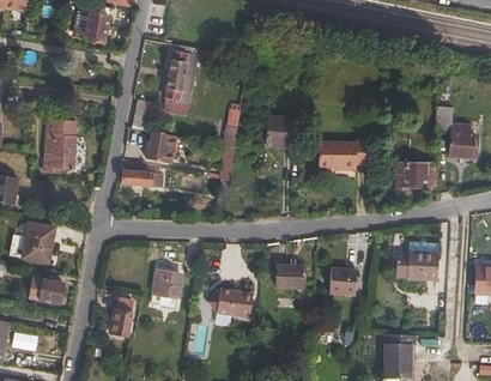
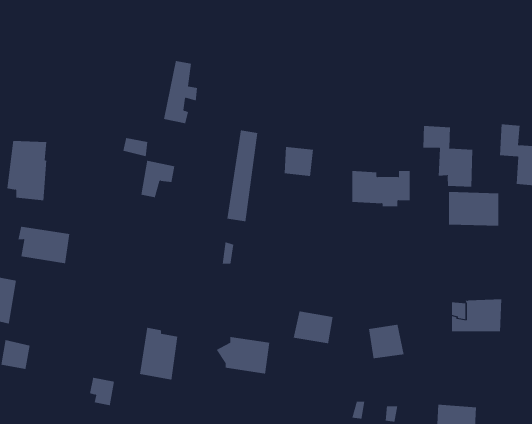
building: [84,13,108,43] -> none
building: none -> [423,125,473,188]
building: [123,163,165,193] -> [18,226,70,264]

